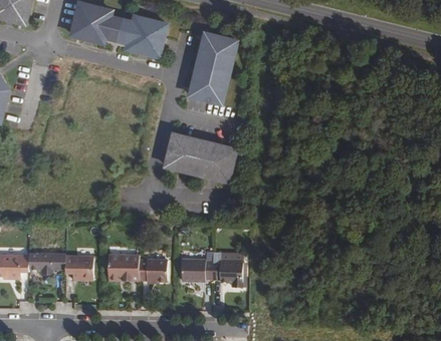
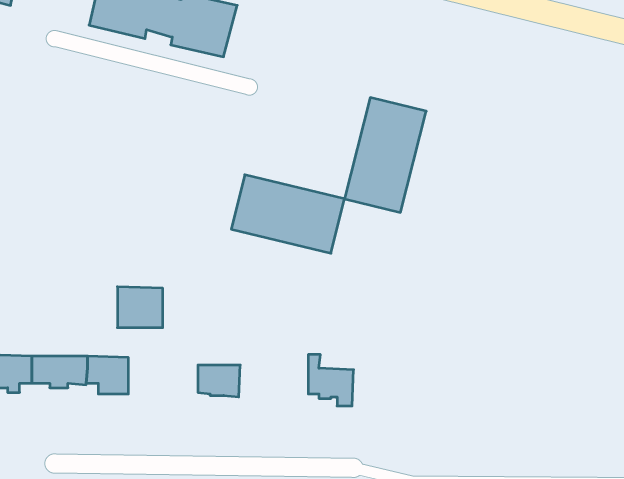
building: [185,31,239,107] -> [345,98,426,212]
building: [109,254,140,281] -> [117,287,163,328]
building: [183,261,213,282] -> none

